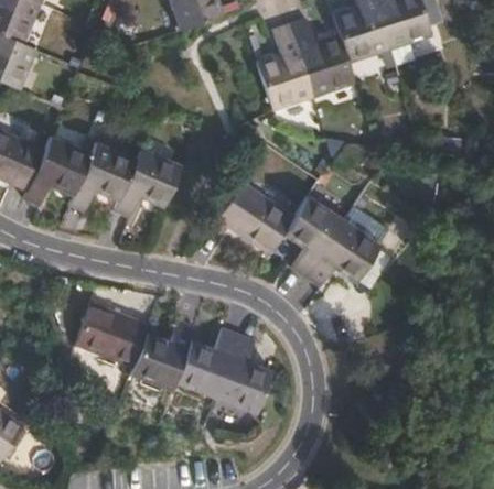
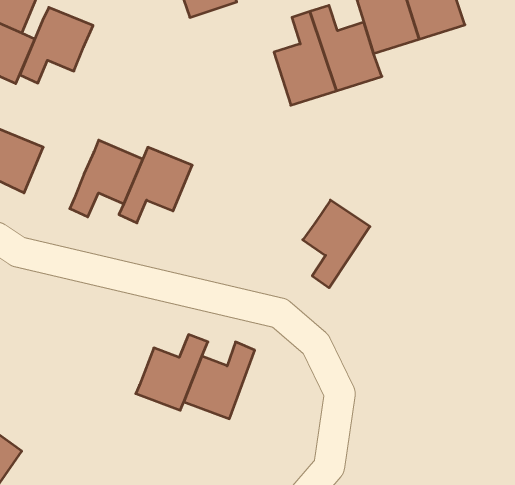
building: [23,137,90,206] -> [20,7,93,83]
building: [216,182,294,253] -> none
building: [307,221,380,287] -> none
building: [74,302,149,367] -> none
building: [215,335,271,413] -> none

